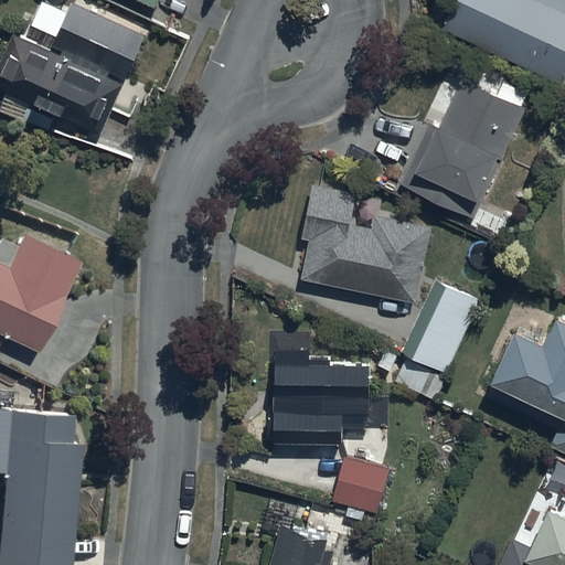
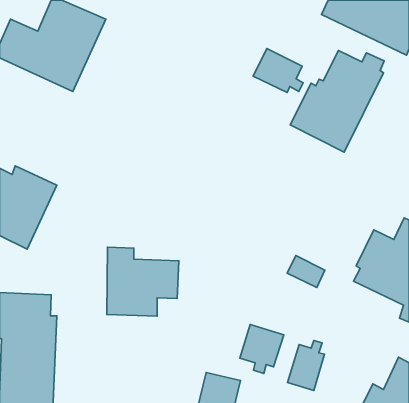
building: none -> [253,48,303,93]
building: [302,186,431,301] -> none
building: [402,278,483,374] -> none
building: [275,345,374,440] -> [107,247,179,316]
building: none -> [287,340,325,391]

